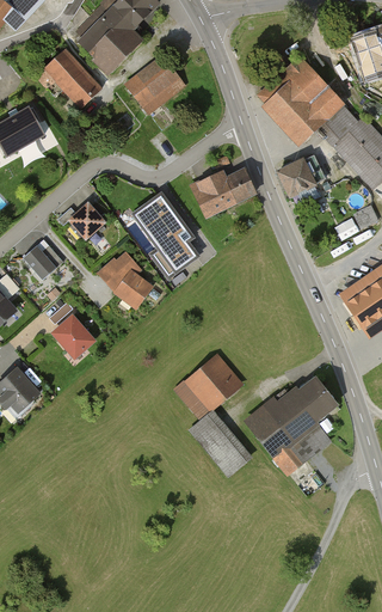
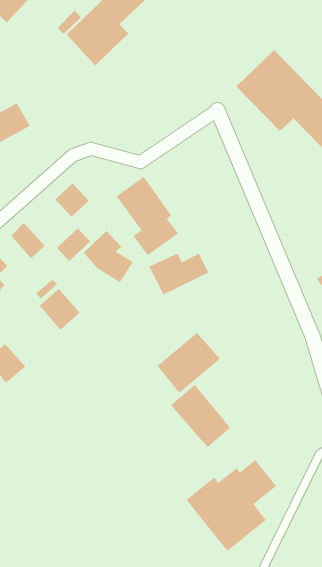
building: [33,54,100,112] -> none
building: [122,59,181,116] -> none
building: [276,154,324,196] -> none
building: [189,171,253,216] -> [148,253,209,295]
building: none -> [56,228,91,262]
building: [246,379,343,477] -> [185,459,277,552]

